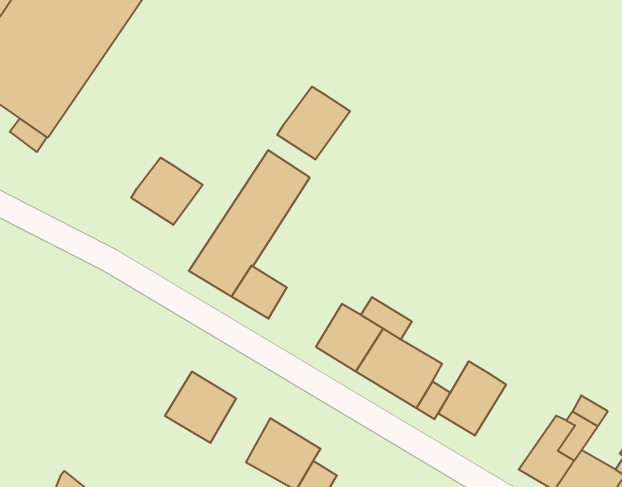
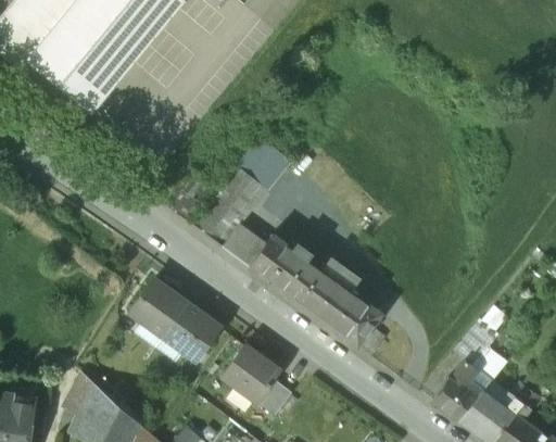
building: [277,87,350,160] -> none
building: [131,158,203,225] -> none
building: none -> [249,236,309,292]
building: none -> [128,279,186,336]
building: [438,361,506,436] -> none

